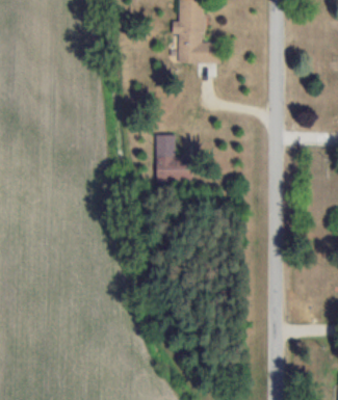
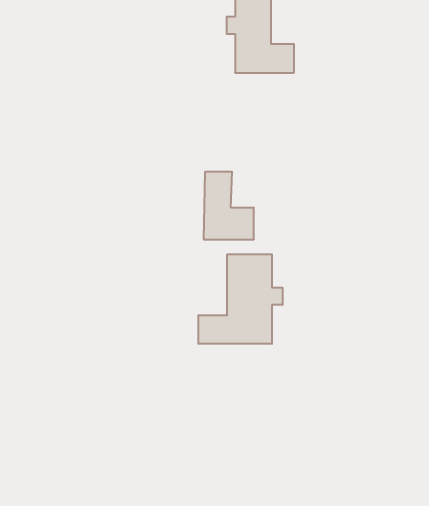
building: none -> [199,254,283,344]

